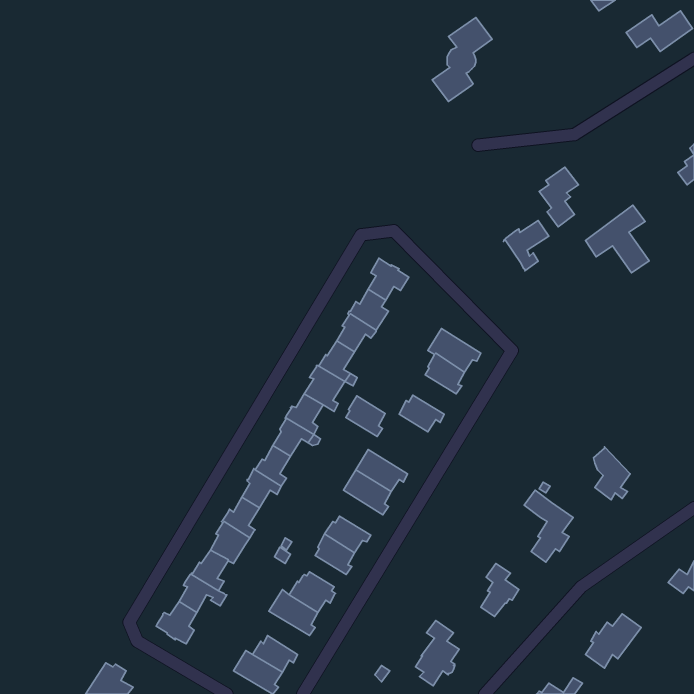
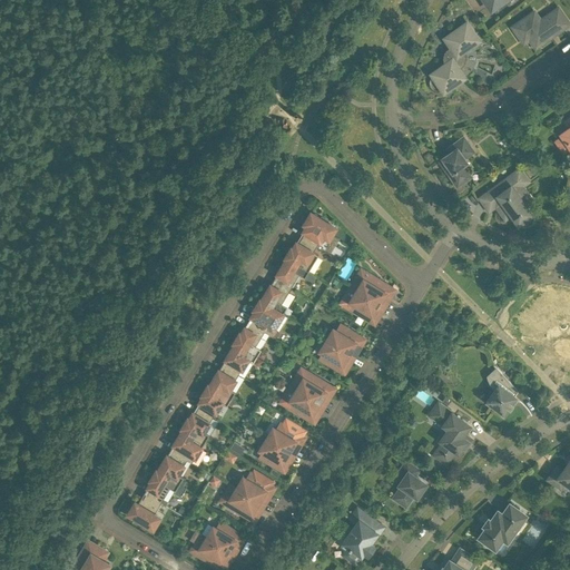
building: [432,17,492,102] -> [431,22,480,91]
building: [504,221,549,271] -> none
building: [346,396,385,437] -> [318,340,351,373]

